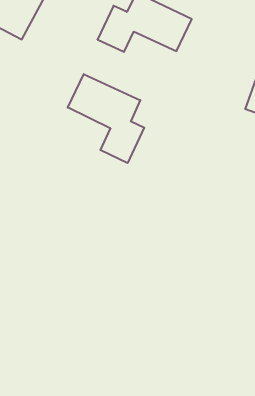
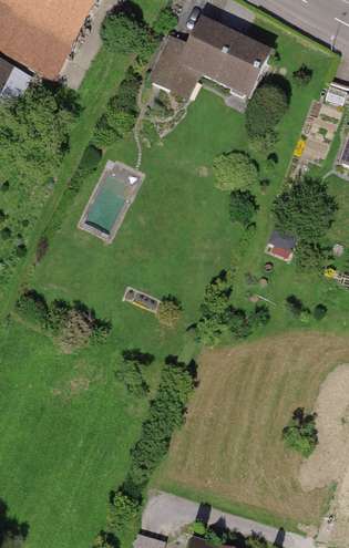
building: [68,74,144,163] -> none

